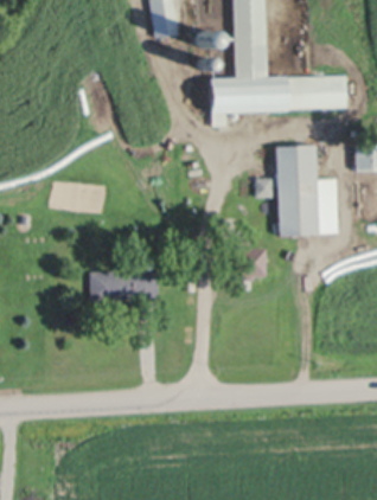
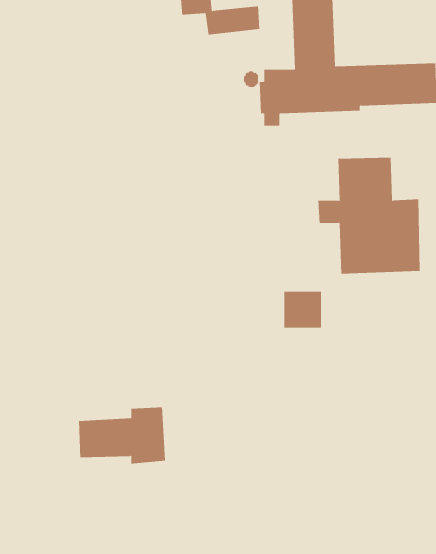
building: [90,264,158,308] -> [78,407,166,464]

